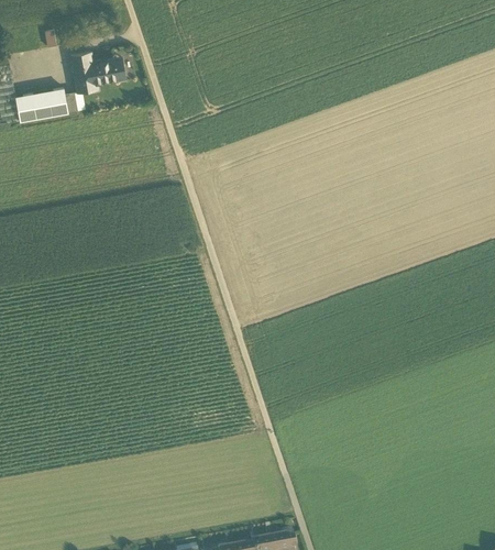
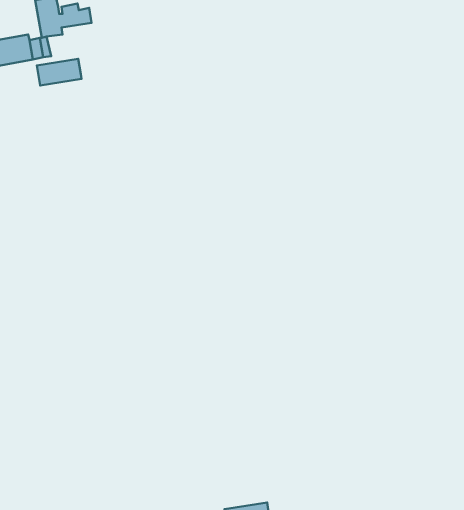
building: none -> [37,59,81,86]

